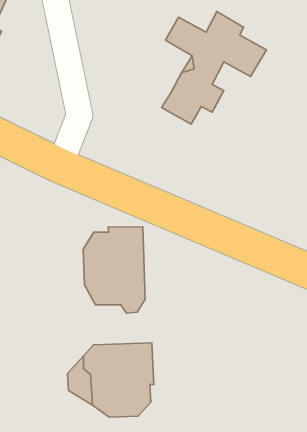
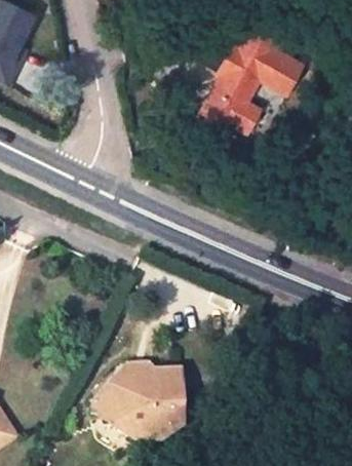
building: [83,227,145,313] -> none

